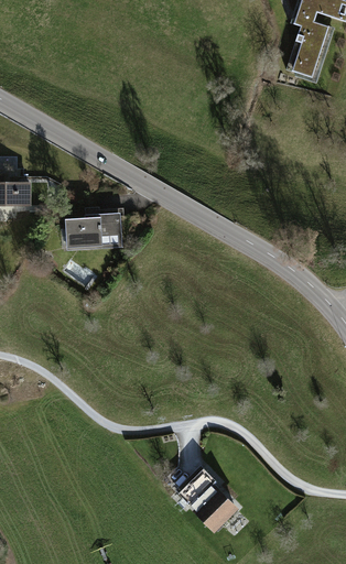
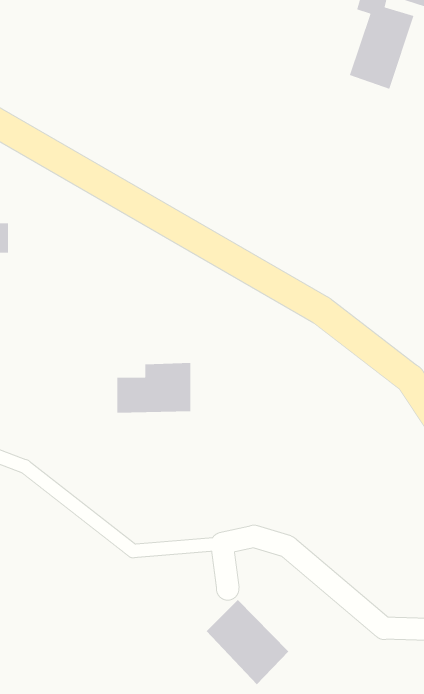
building: [66,208,122,247] -> [117,362,191,413]

